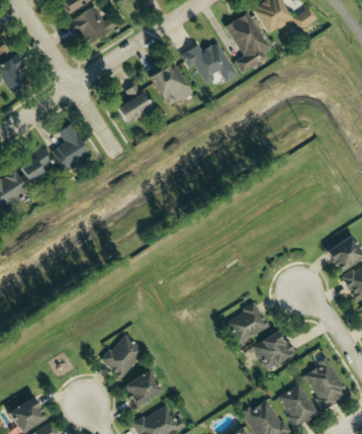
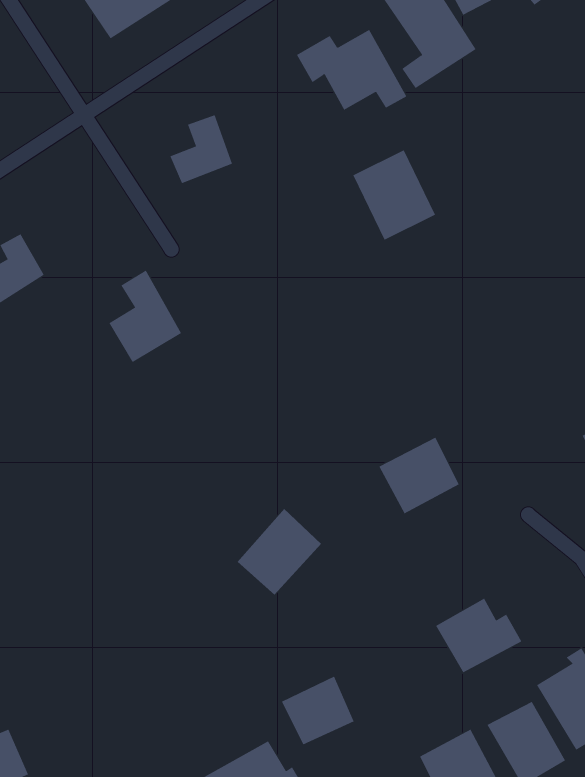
building: [150,62,192,108] -> [353,149,436,241]
building: [52,123,89,171] -> [108,270,182,363]
building: [228,303,269,343] -> [378,437,460,514]
building: [101,334,145,378] -> [237,508,322,596]
building: [123,371,161,407] -> [281,676,354,745]

